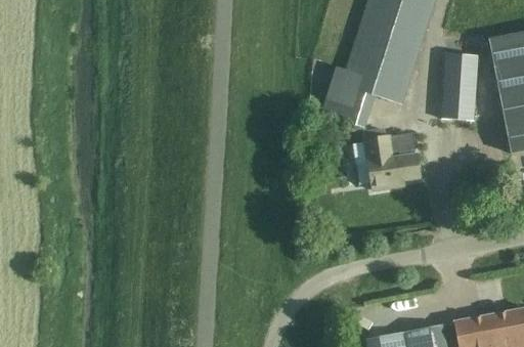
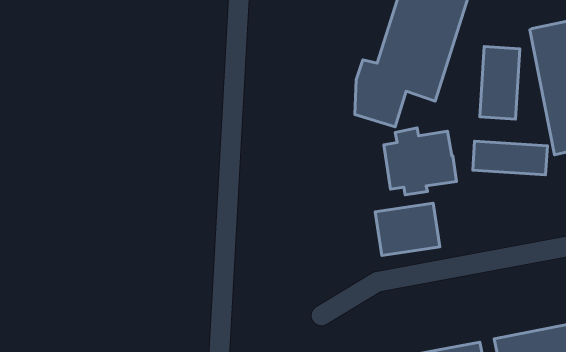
building: none -> [473,141,547,175]
building: none -> [375,203,440,256]

